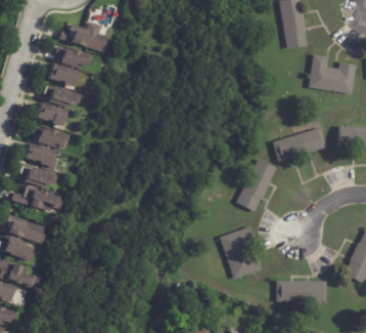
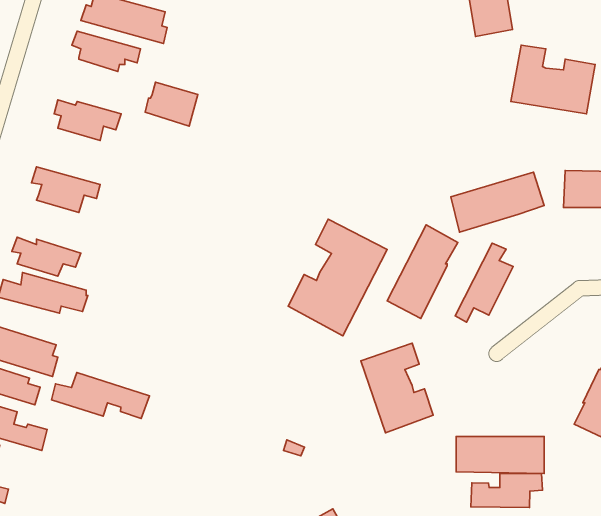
building: [46,63,77,88] -> [145,82,198,126]
building: [35,102,66,126] -> none
building: [21,142,56,168] -> none
building: none -> [288,219,387,336]
building: none -> [455,243,513,322]
building: none -> [51,372,149,419]
building: none -> [471,473,542,507]

